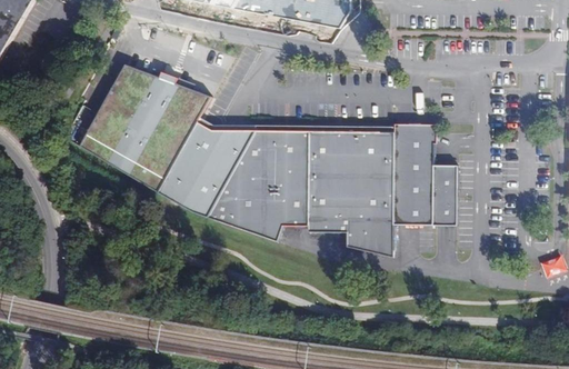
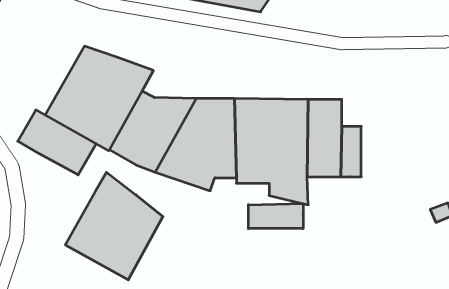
building: none -> [18,110,96,175]
building: none -> [66,172,163,280]
building: none -> [248,204,303,229]

